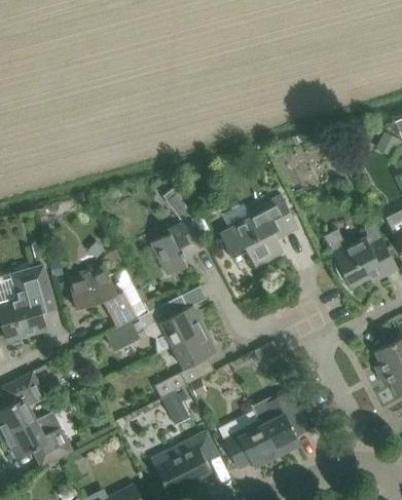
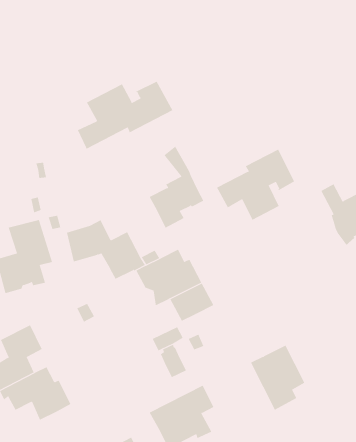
building: none -> [77,81,173,149]
building: [105,321,139,353] -> none
building: [218,410,278,469] -> none

